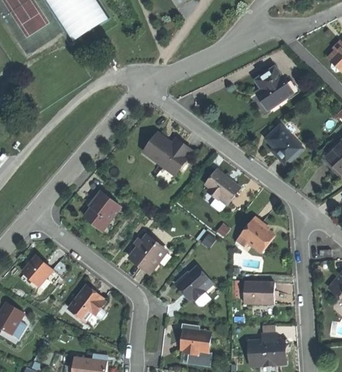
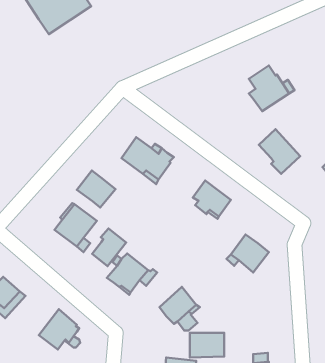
building: none -> [77,171,115,207]
building: none -> [92,228,126,266]
building: [243,282,274,304] -> [190,333,224,357]

